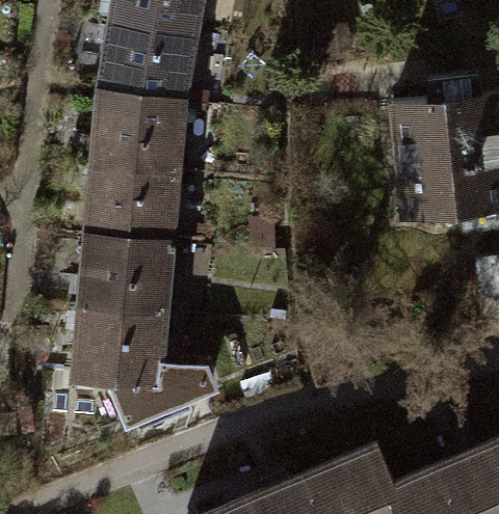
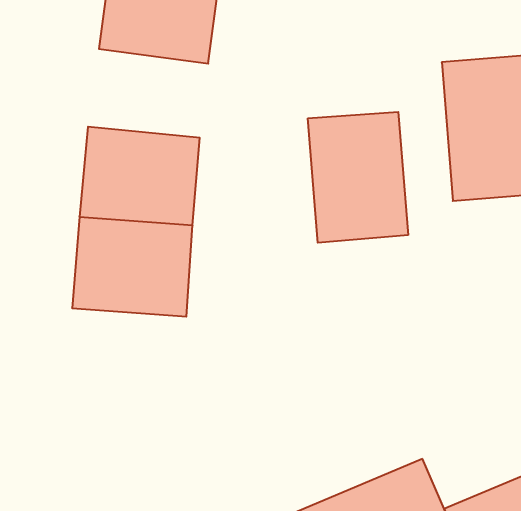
building: [87,92,190,168] -> none
building: none -> [308,112,408,243]
building: [68,314,172,398] -> none

